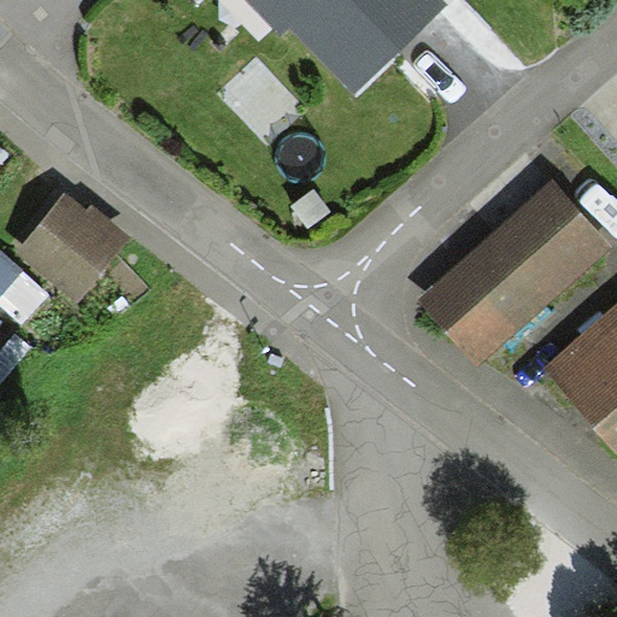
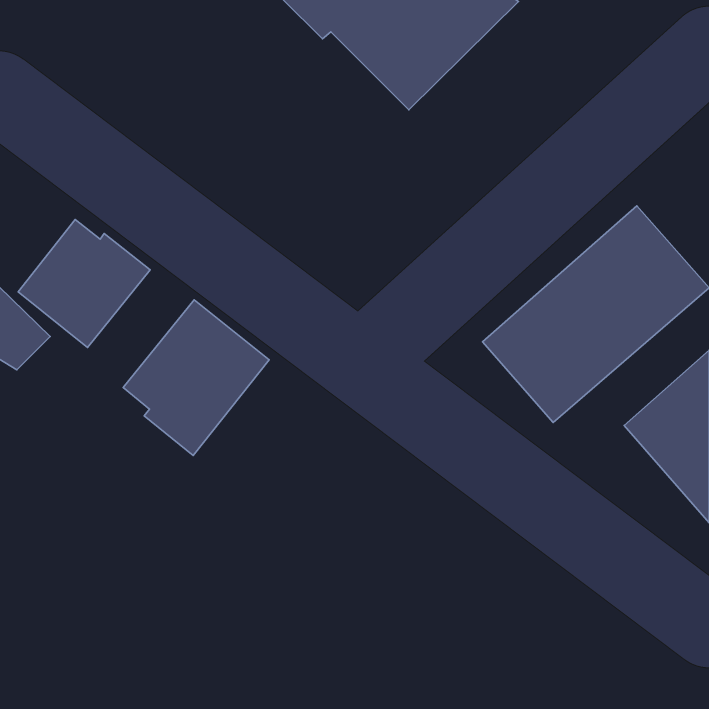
building: none -> [123,300,269,456]

